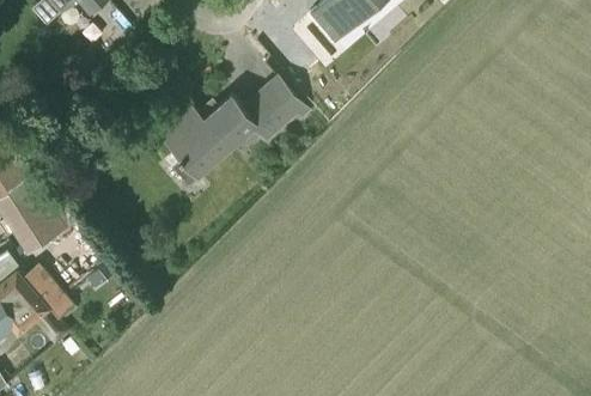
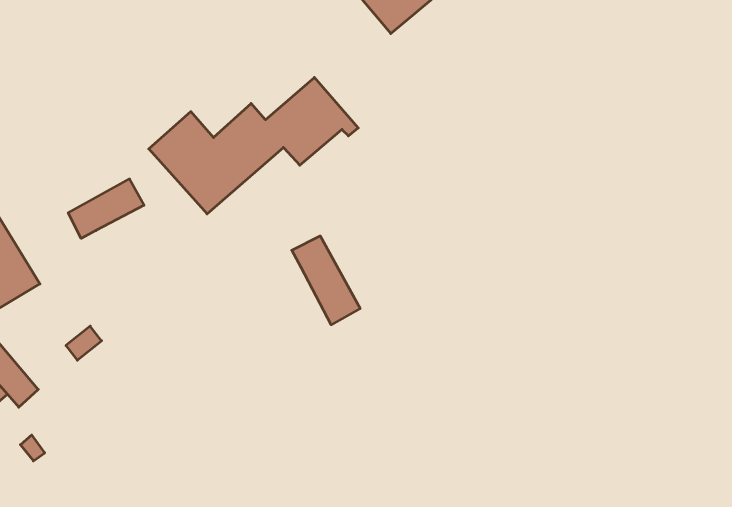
building: none -> [68,179,144,238]
building: none -> [292,236,360,325]

